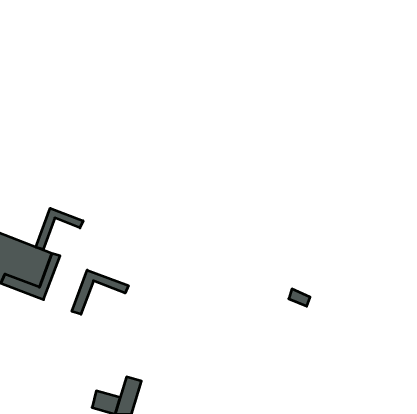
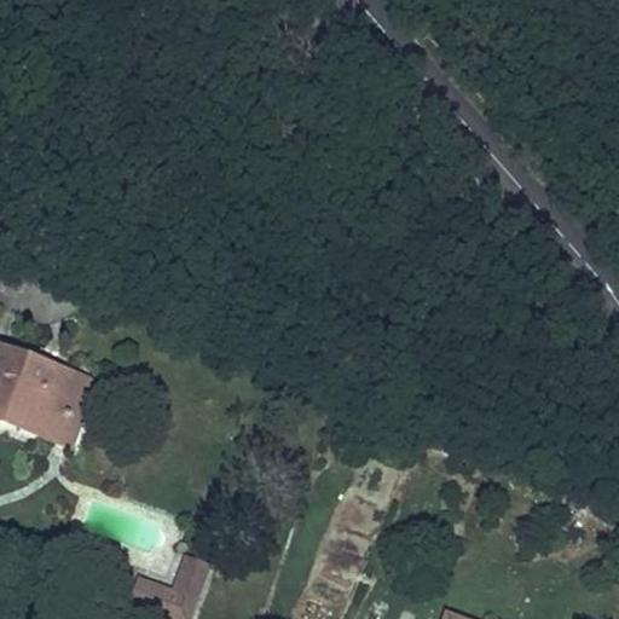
building: [36,208,83,249] -> none
building: [72,270,128,314] -> none

